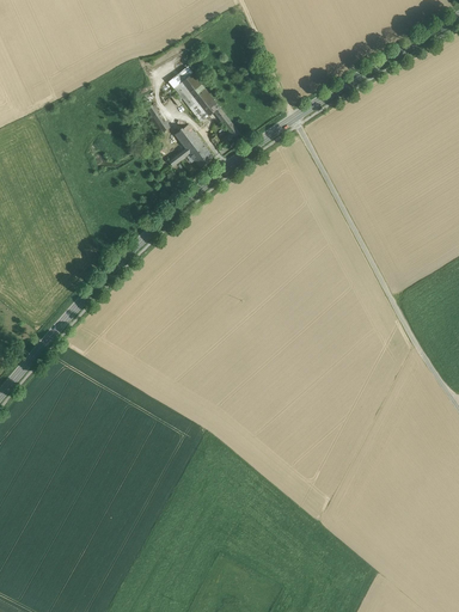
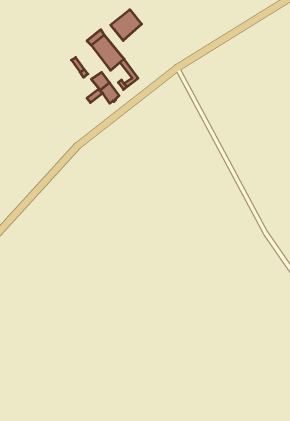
building: none -> [111,10,142,41]

